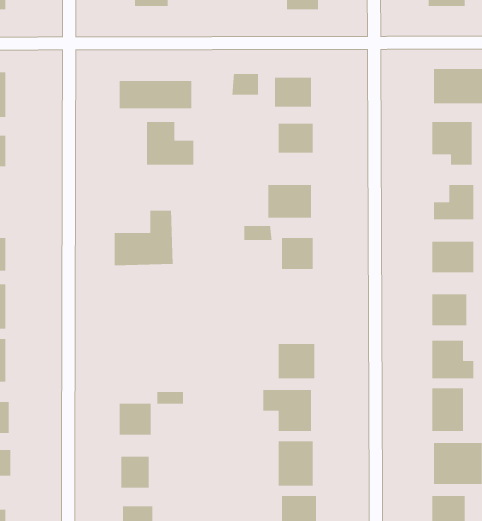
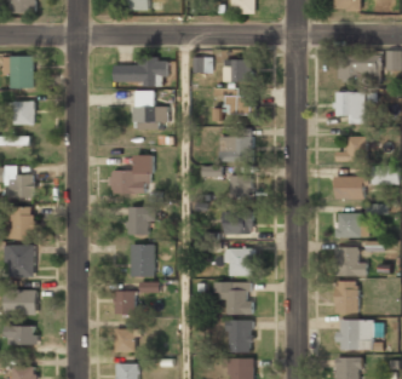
building: none -> [127,207,150,235]
building: none -> [222,212,253,234]
building: none -> [131,245,154,277]

